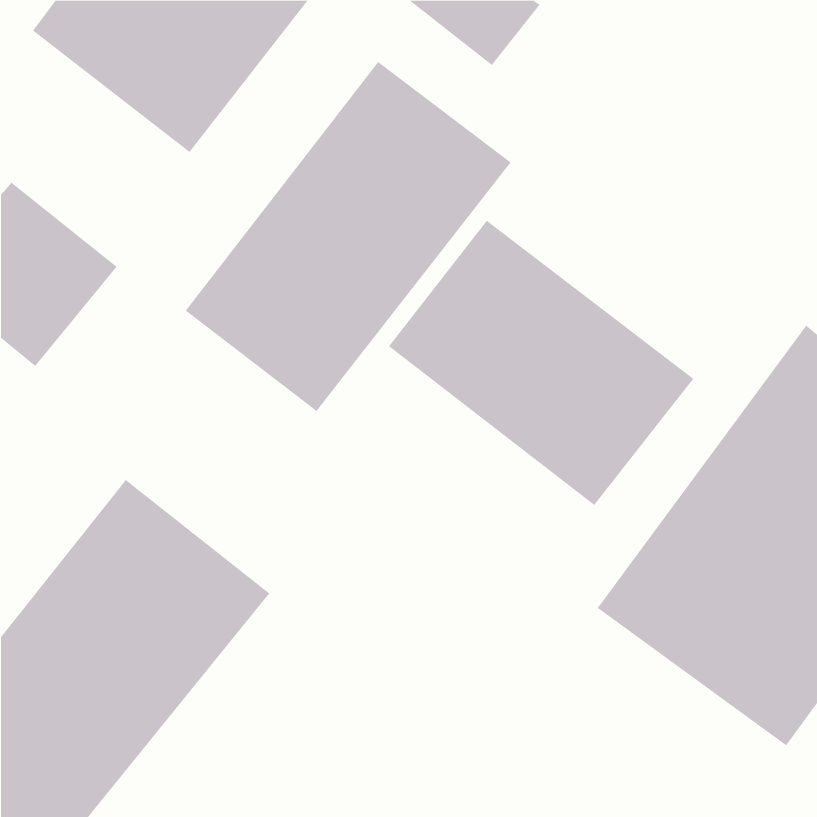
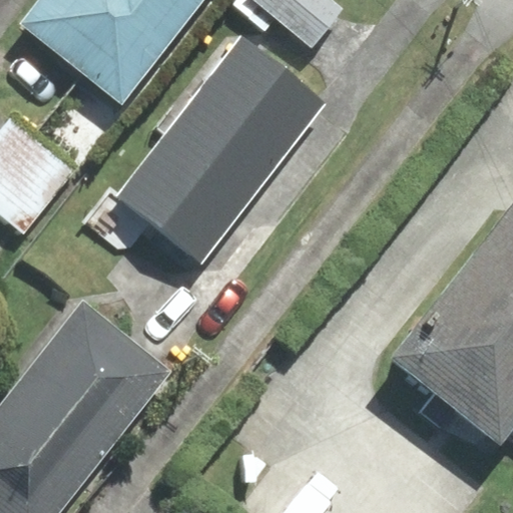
building: [388,220,694,506] -> none

